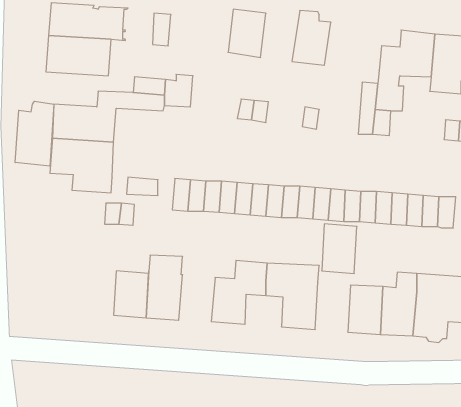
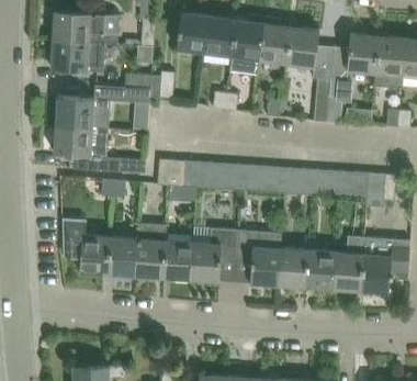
building: none -> [176,13,208,53]
building: none -> [229,15,264,75]
building: none -> [285,27,319,68]
building: [15,101,54,166] -> none
building: [322,224,357,273] -> [278,247,307,289]
building: none -> [61,228,110,274]
building: none -> [162,240,193,280]

